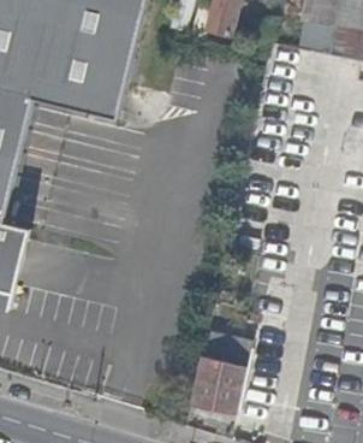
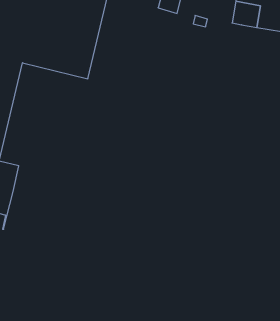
building: [190,332,252,409] -> none

